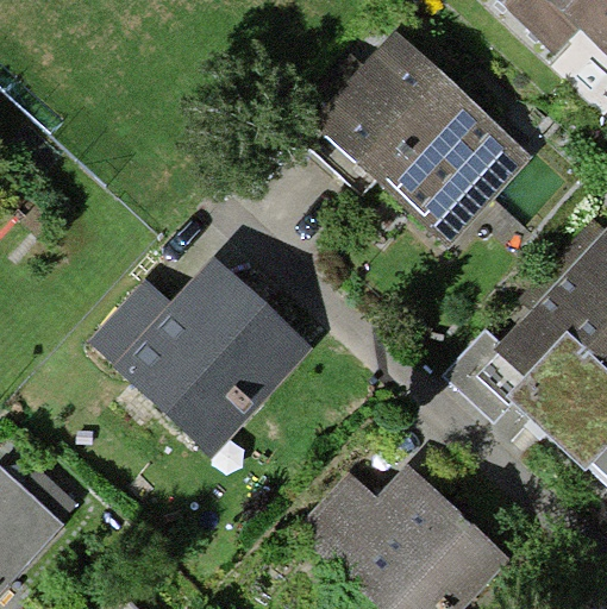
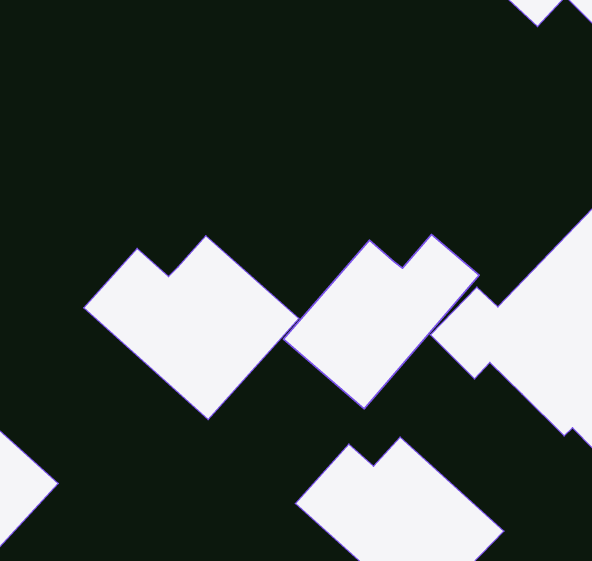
building: [314,33,528,241] -> none
building: none -> [284,235,479,409]

